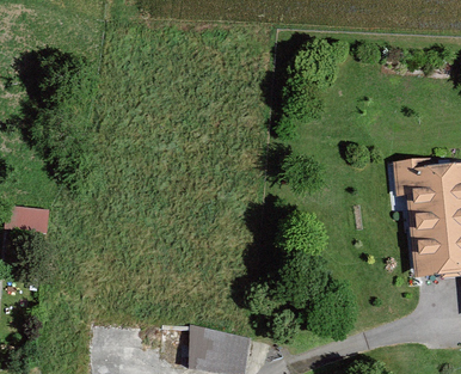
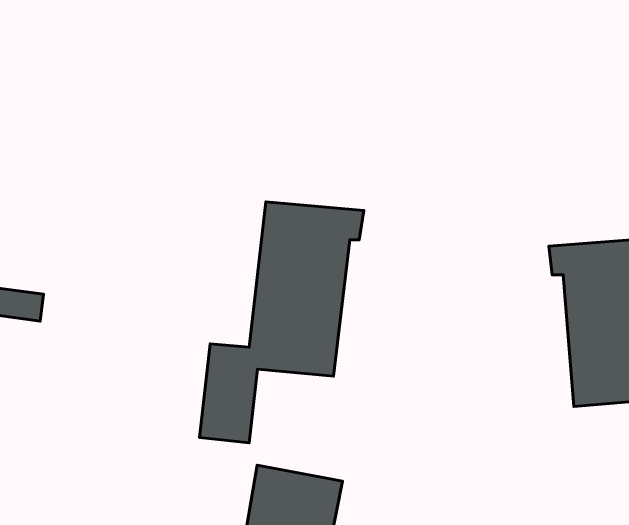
building: none -> [199,202,364,443]

